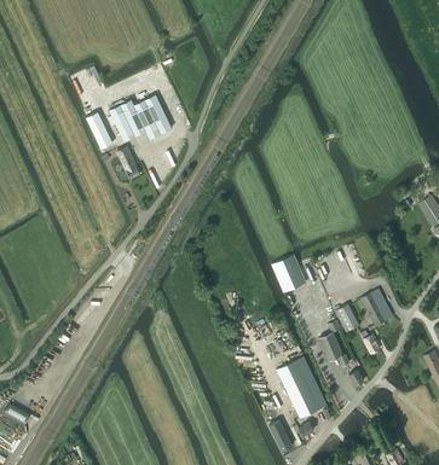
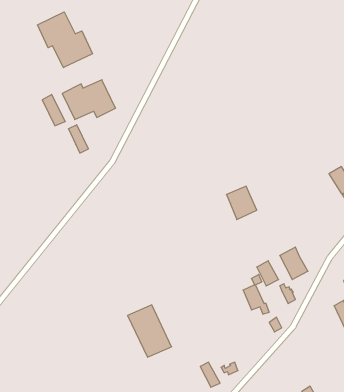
building: none -> [37,12,92,68]
building: [271,254,306,292] -> [226,186,257,220]
building: [276,356,327,417] -> [128,305,172,357]

